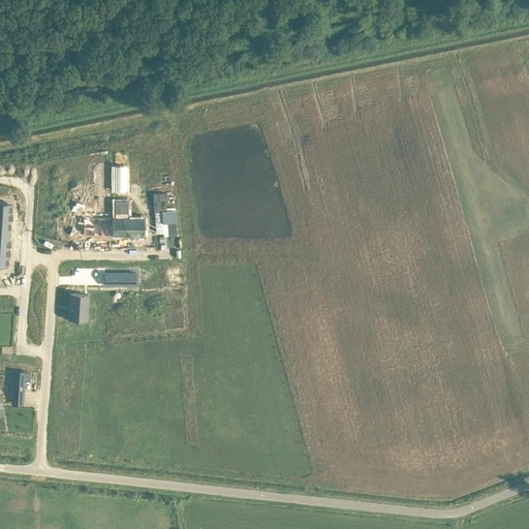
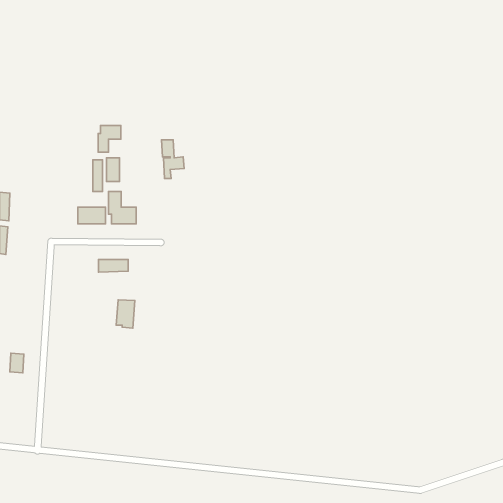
building: none -> [98,125,121,152]
building: [152,193,176,234] -> [161,140,184,178]
building: [67,293,87,323] -> [116,300,135,328]

